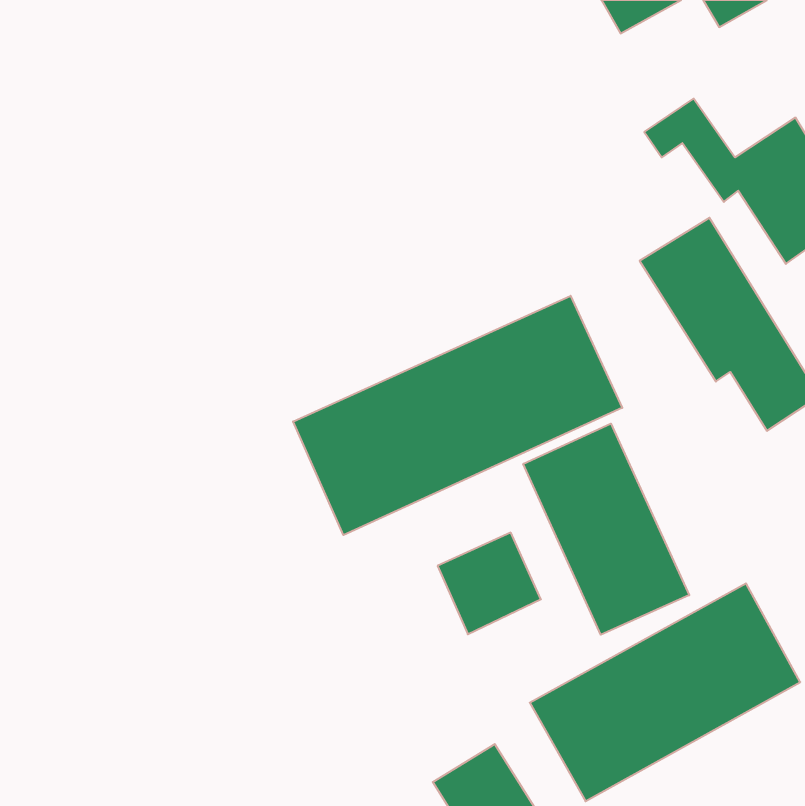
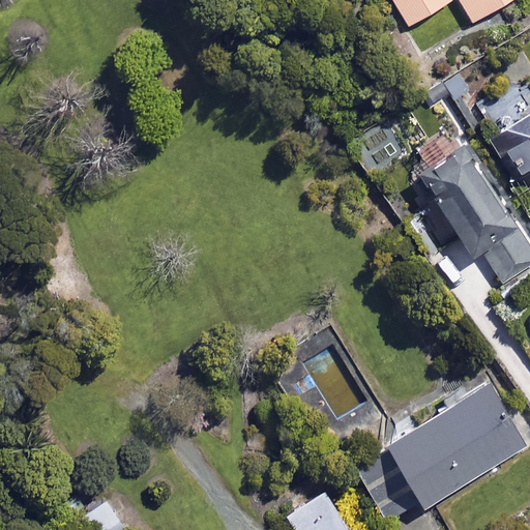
building: [293,296,622,535] -> none
building: [523,424,689,635] -> none

